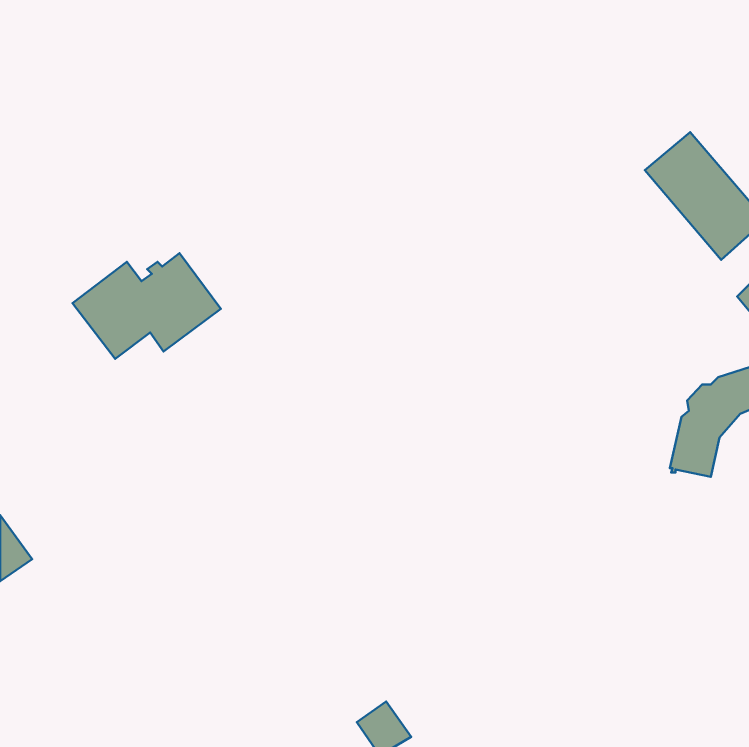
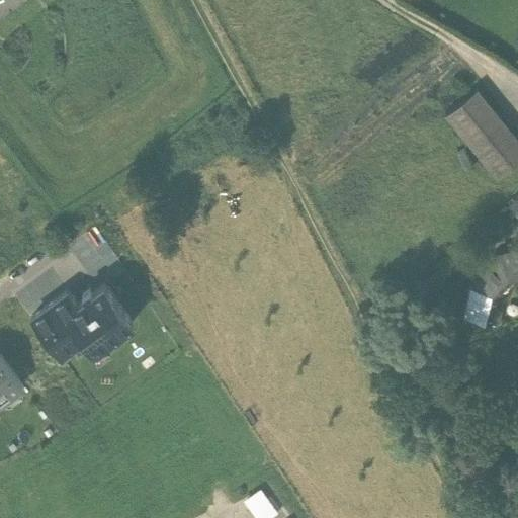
building: [72,253,221,359] -> [31,286,134,359]

